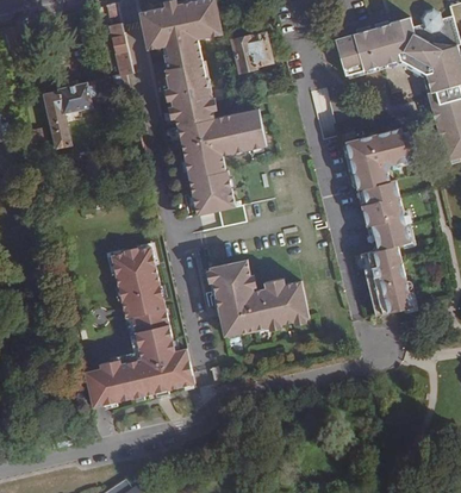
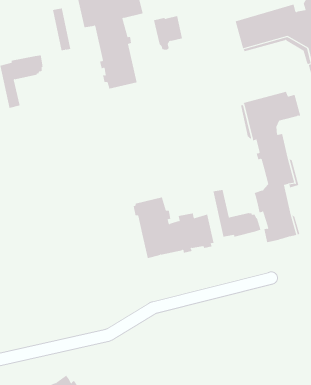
building: [177,107,266,213] -> none
building: none -> [213,189,261,238]
building: [80,249,194,407] -> none

